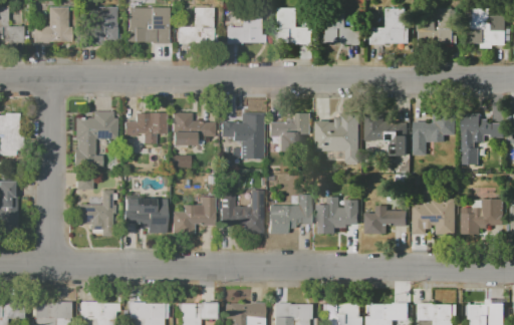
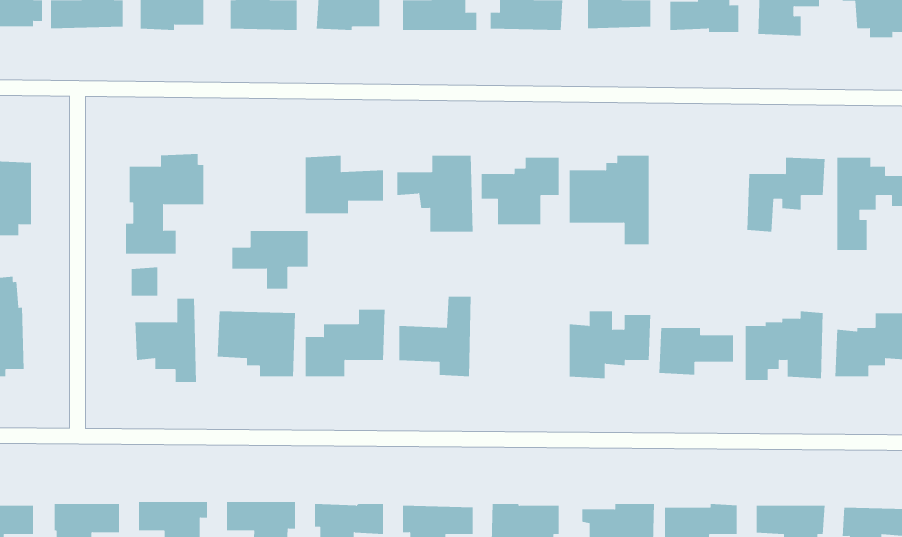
building: [124,112,167,144] -> [231,231,308,289]
building: [364,113,409,155] -> none
building: [269,195,310,234] -> none

